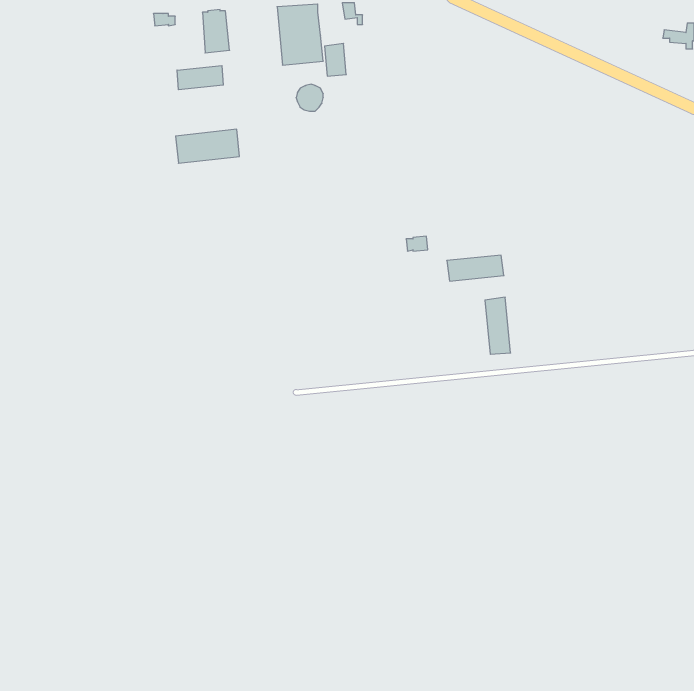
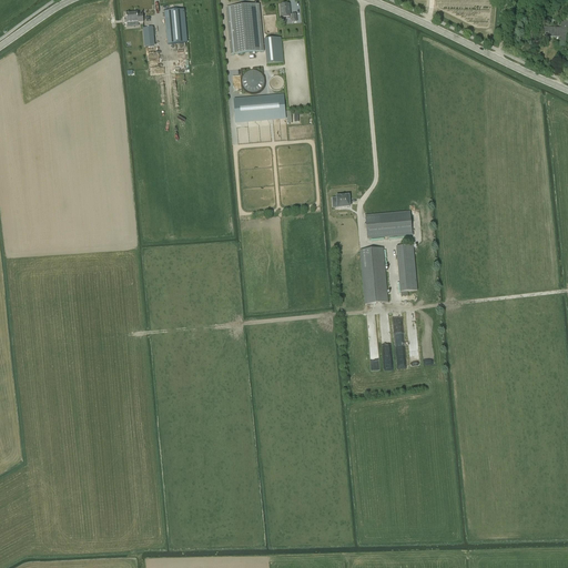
building: [177,66,223,90] -> none
building: [176,129,239,163] -> [233,92,285,120]
building: none -> [359,246,387,302]

